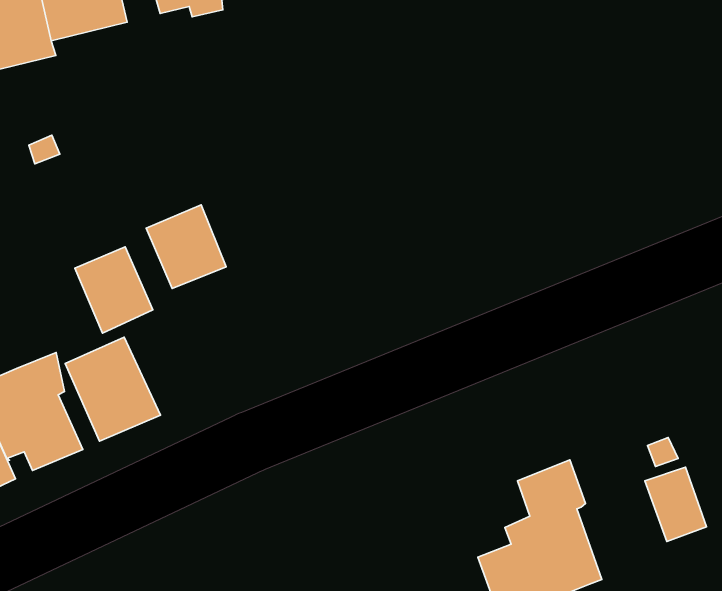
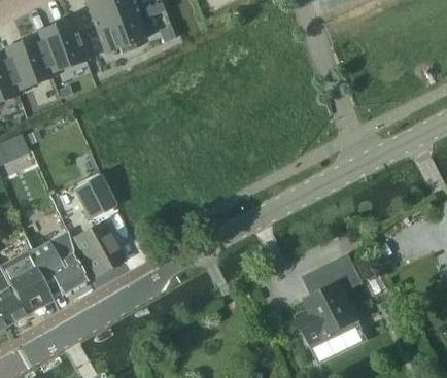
building: [146,205,226,289] -> none
building: [645,467,707,541] -> none

